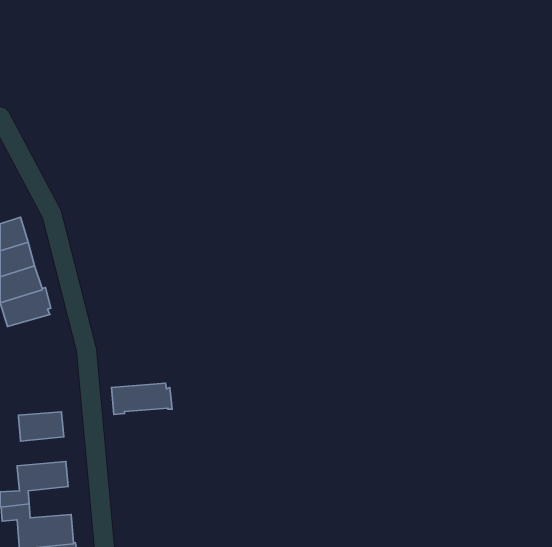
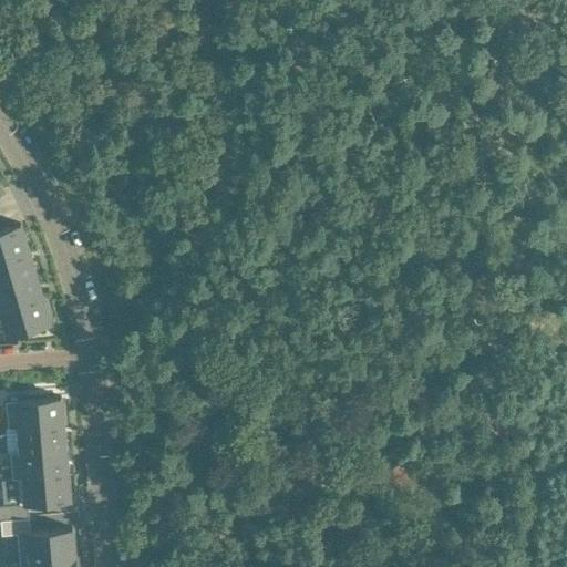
building: [112,383,172,415] -> [6,402,68,434]
building: none -> [10,453,68,484]

